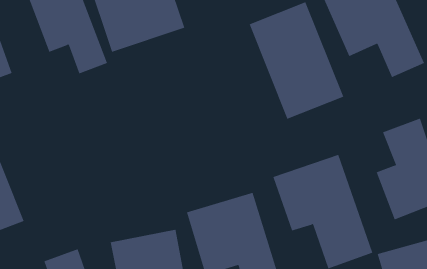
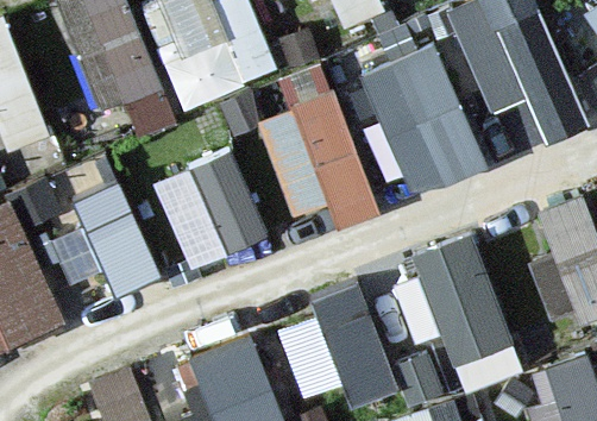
building: none -> [254,90,377,228]
building: none -> [151,149,269,270]
building: none -> [73,181,163,296]

